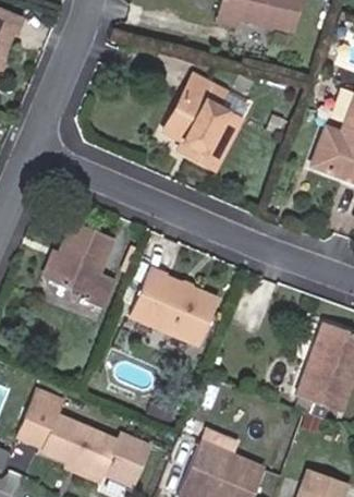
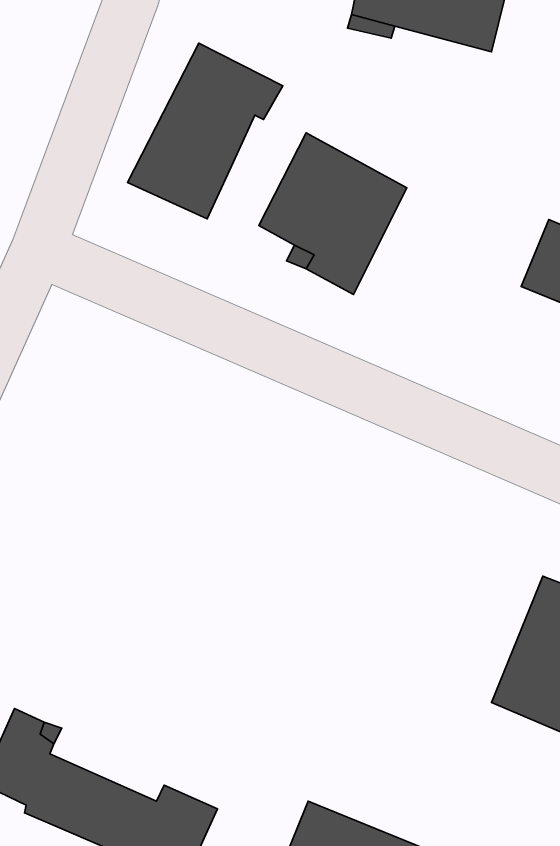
building: none -> [127,43,283,219]
building: [49,221,117,307] -> none
building: [131,269,218,341] -> none

